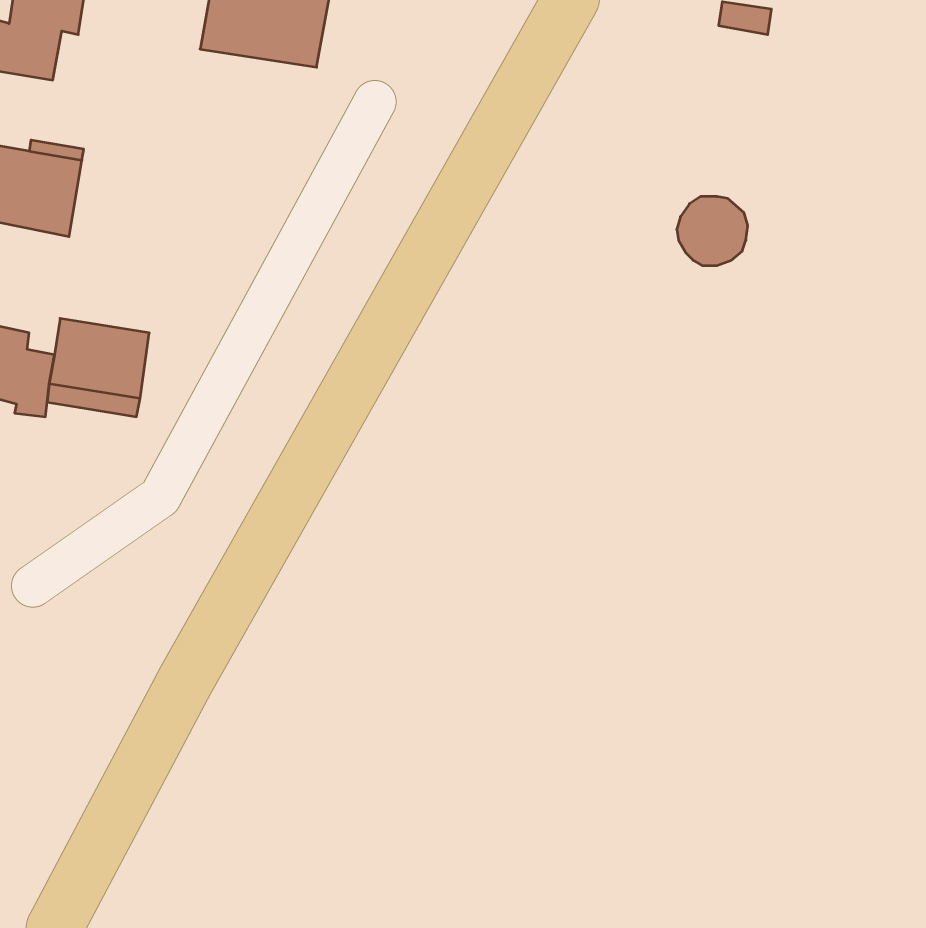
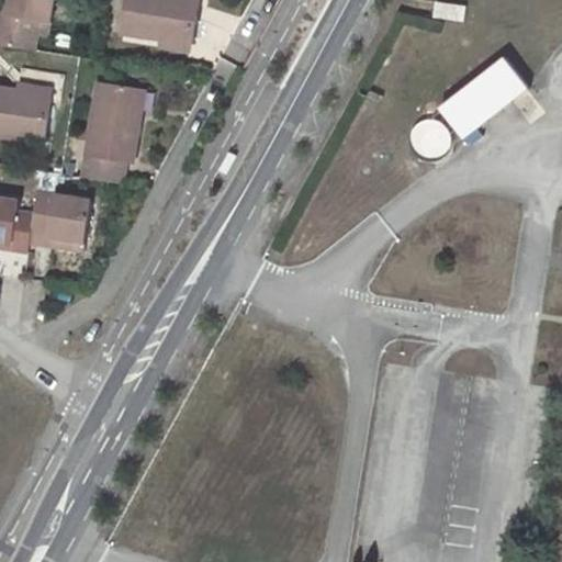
building: none -> [439,56,529,138]
building: none -> [83,80,143,181]

